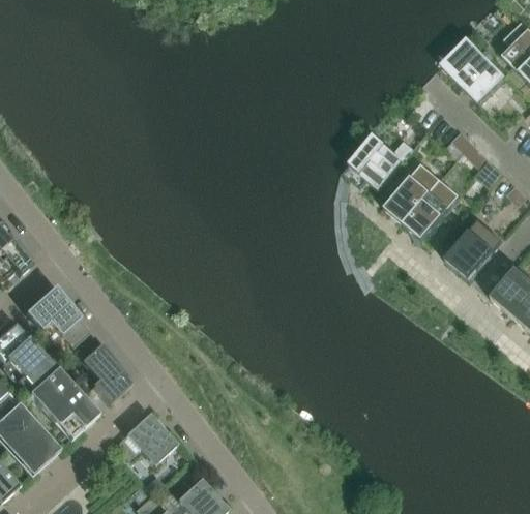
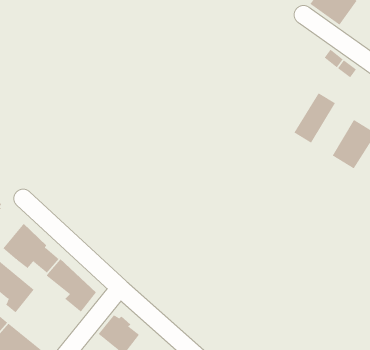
building: [349,133,413,188] -> none
building: [383,164,439,224] -> none
building: [28,368,97,440] -> none

